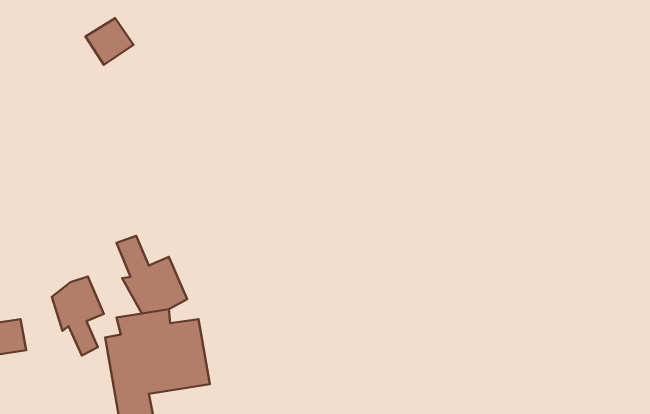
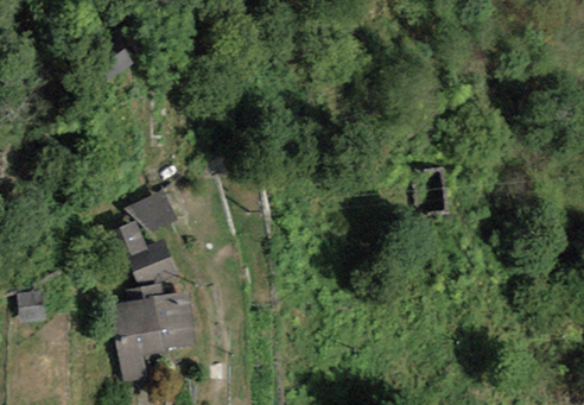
building: none -> [126,191,176,232]
building: [52,277,104,356] -> none

